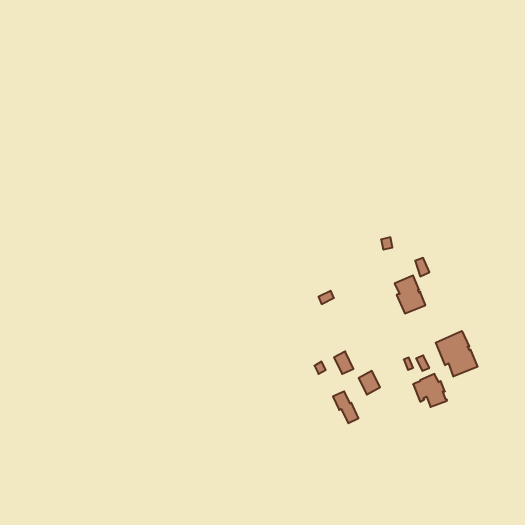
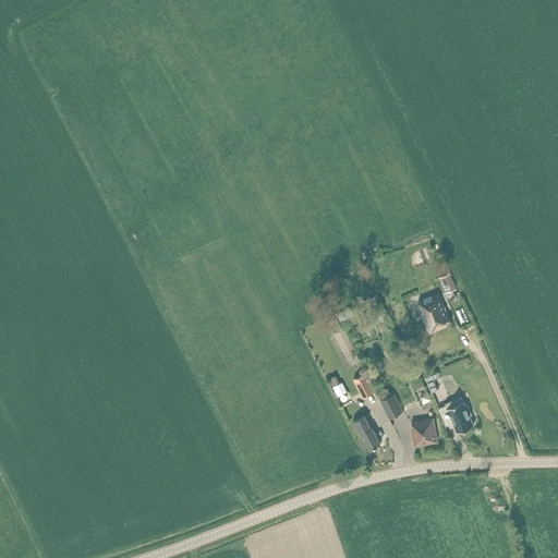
building: [436,331,478,377] -> none
building: none -> [411,418,437,446]

